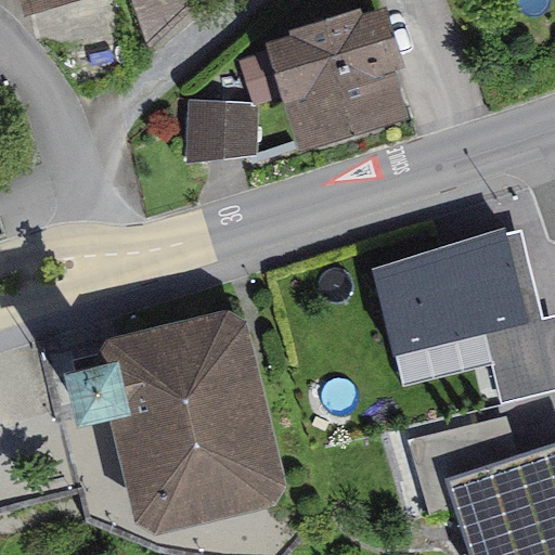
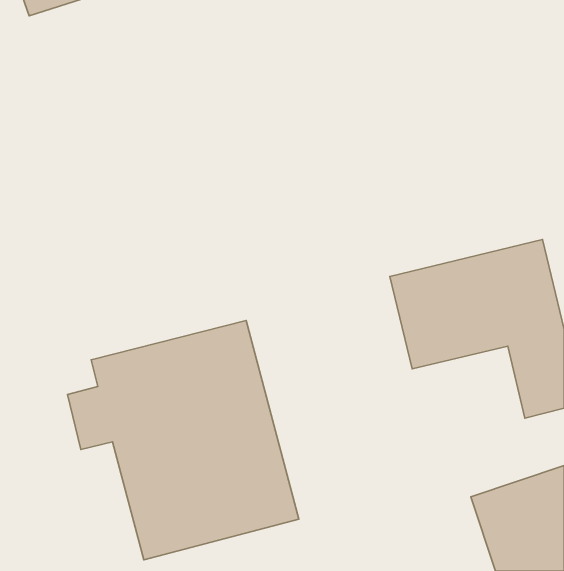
building: [270,12,418,152] -> none
building: [180,83,257,152] -> none

